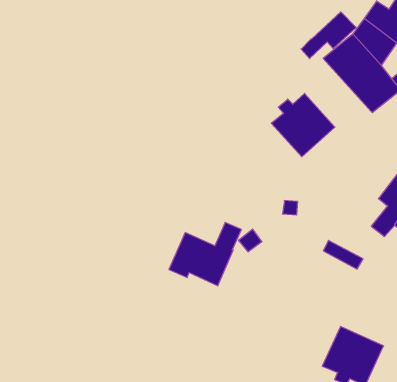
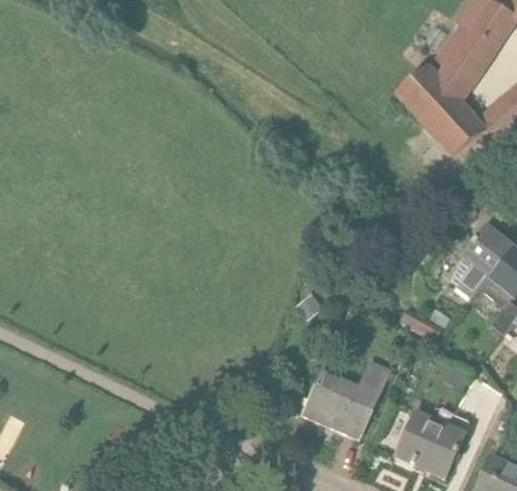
building: [301,12,356,59] -> none
building: [271,93,335,157] -> none
building: [169,222,241,286] -> [303,359,389,434]

